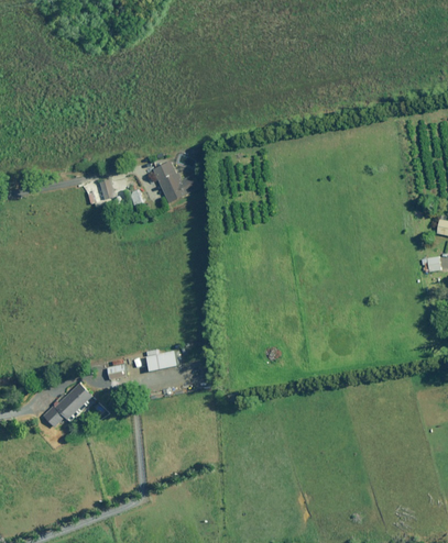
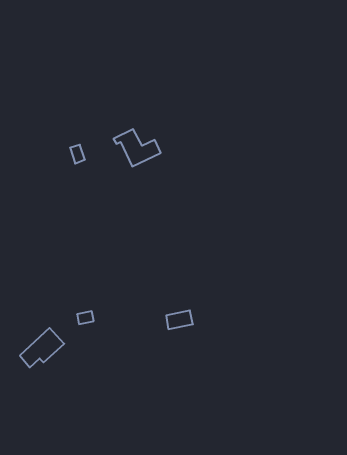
building: [147,350,177,370] -> [166,310,193,329]

